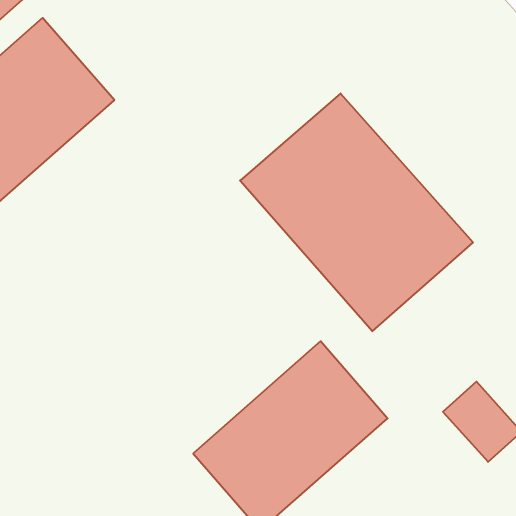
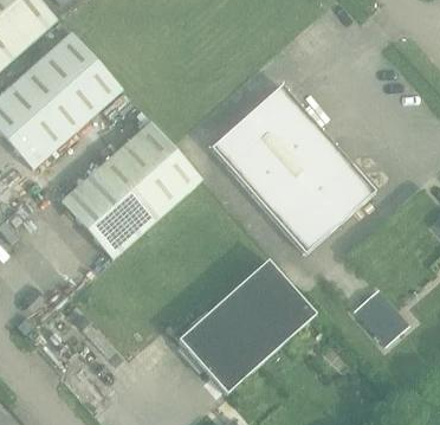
building: none -> [60,121,201,258]

